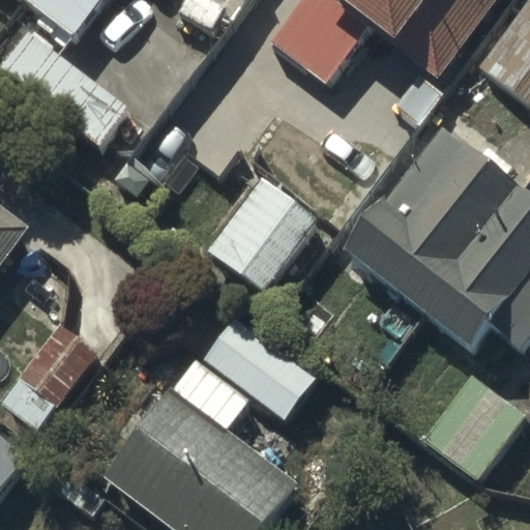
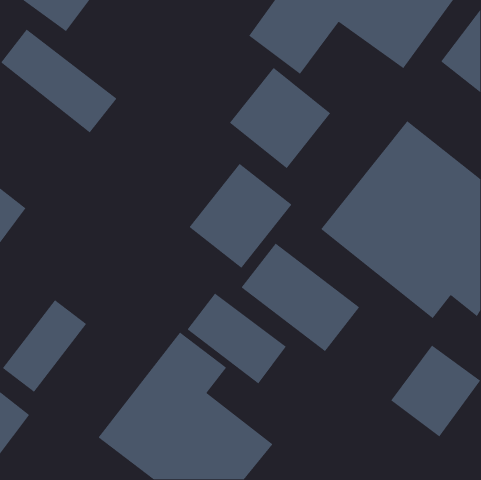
building: none -> [229,67,331,169]
building: none -> [241,243,360,352]

